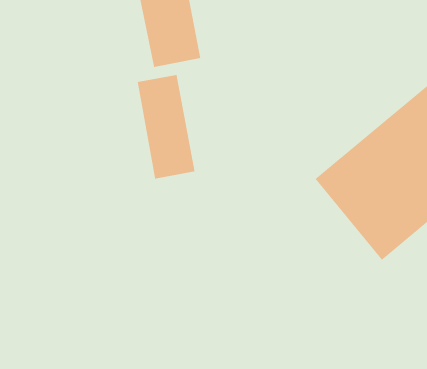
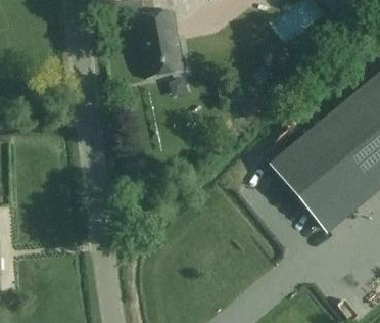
building: [137,74,196,180] -> none

